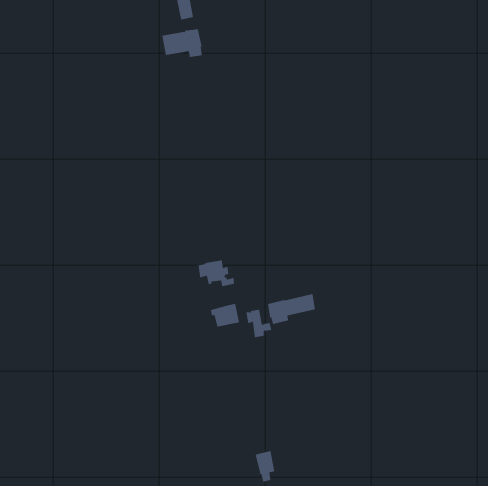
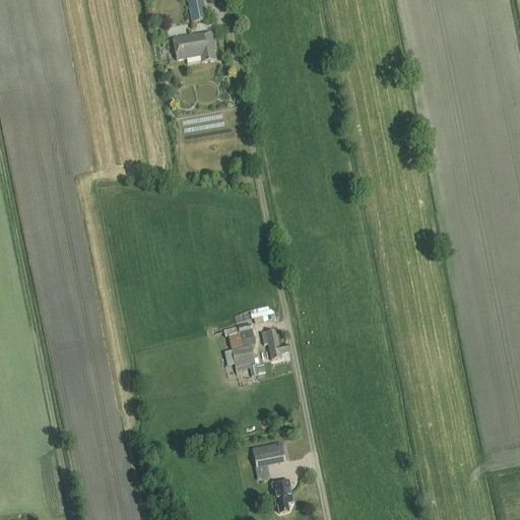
building: [198,260,235,287] -> [224,345,264,374]
building: [268,293,316,325] -> none
building: none -> [252,442,285,466]

